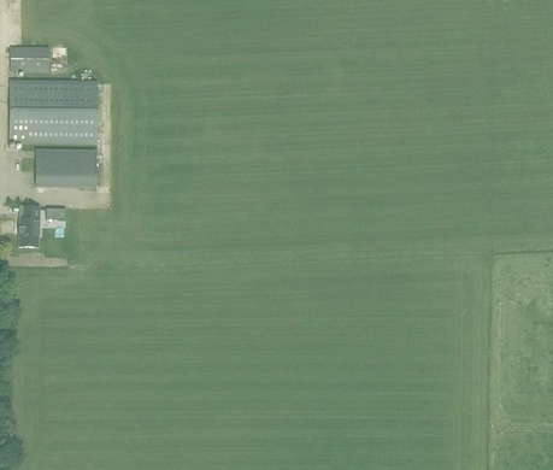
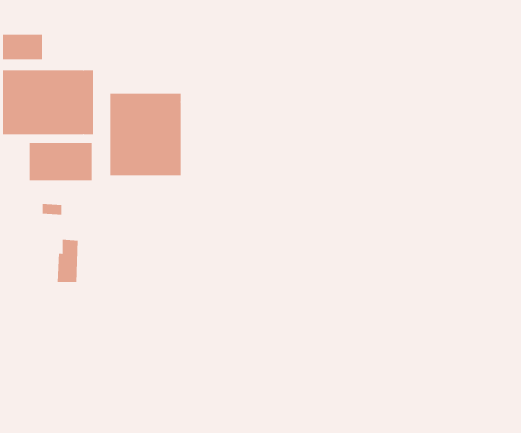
building: none -> [110,93,181,176]
building: [18,205,39,246] -> [57,239,78,283]

